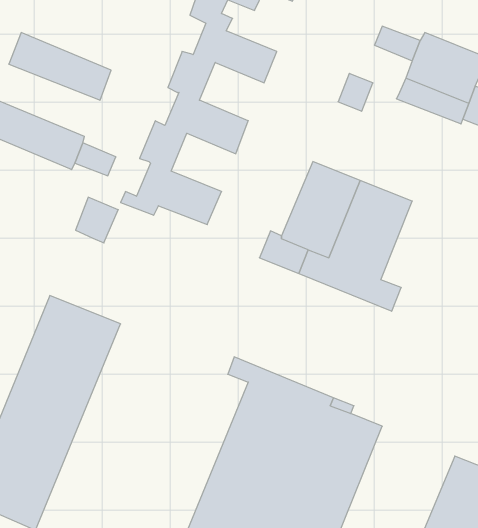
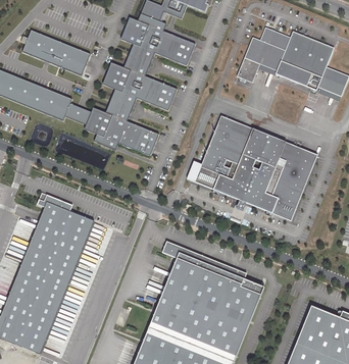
building: none -> [122,17,150,46]
building: none -> [243,37,284,70]
building: none -> [104,63,132,92]
building: [76,197,118,243] -> [87,108,114,138]
building: none -> [263,141,315,219]

